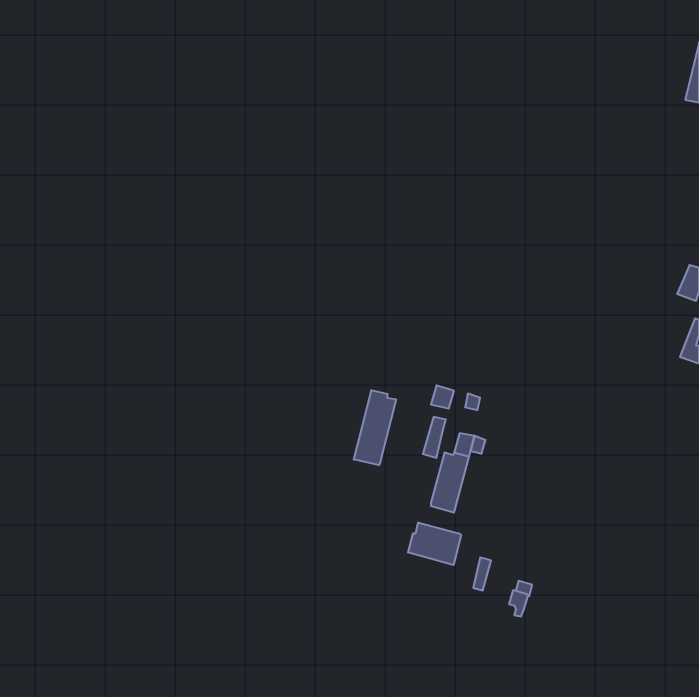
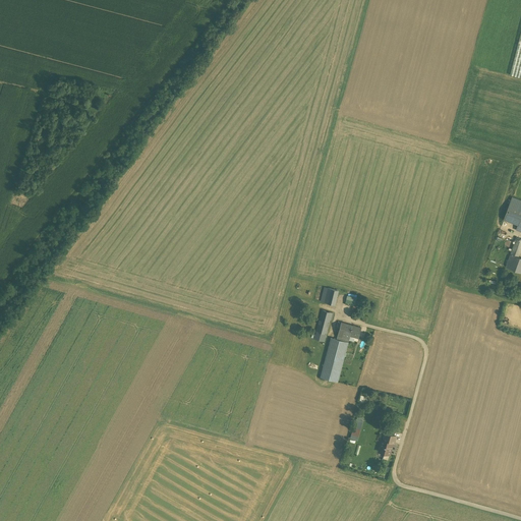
building: [354,390,396,465] -> none
building: [408,522,461,565] -> none

